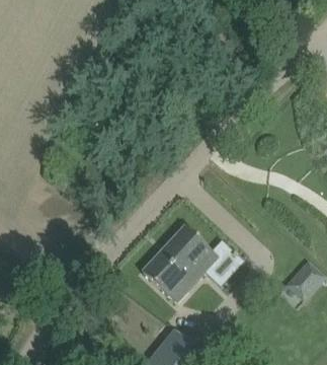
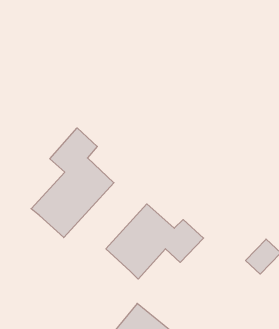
building: none -> [31,128,114,238]

